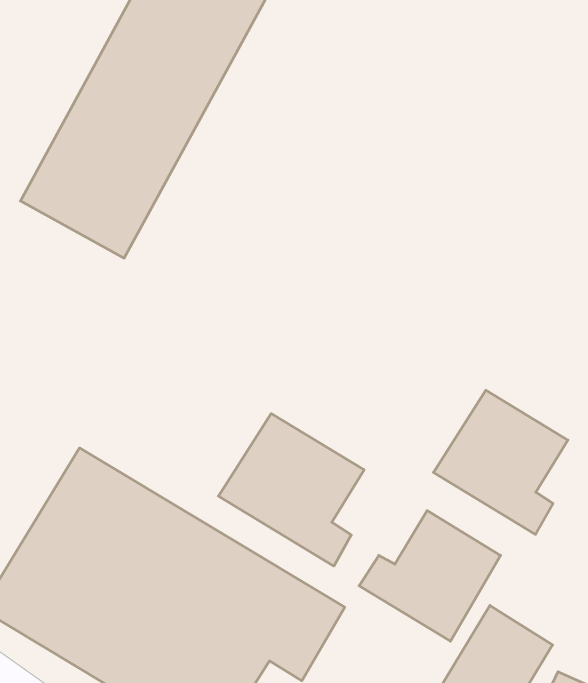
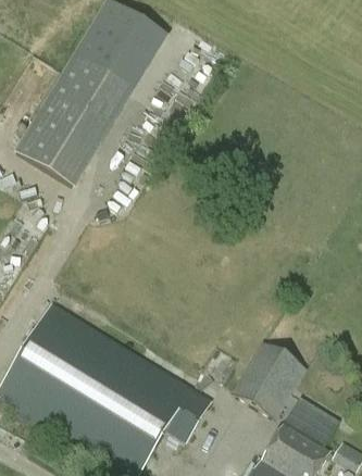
building: [433,390,568,534] -> none
building: [218,414,364,566] -> none

